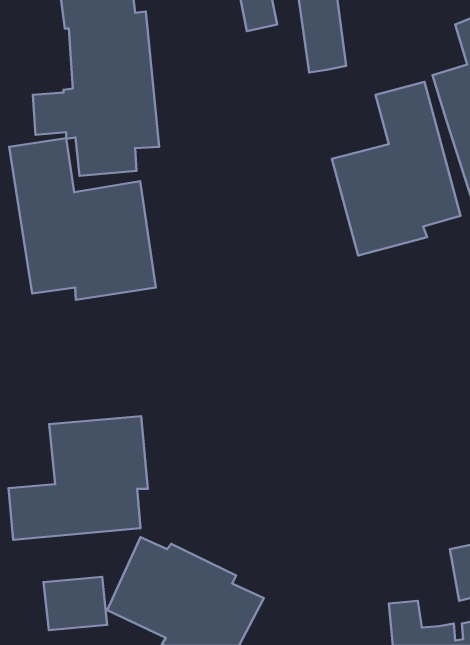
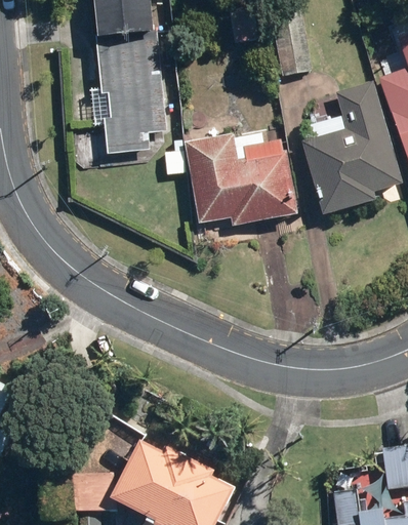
building: [9,138,156,300] -> none
building: none -> [182,135,295,228]
building: [9,416,148,540] -> none

